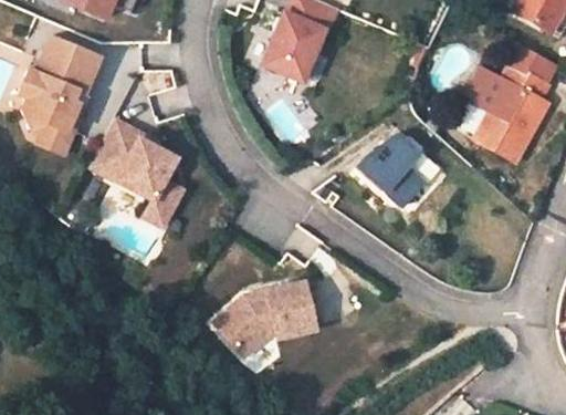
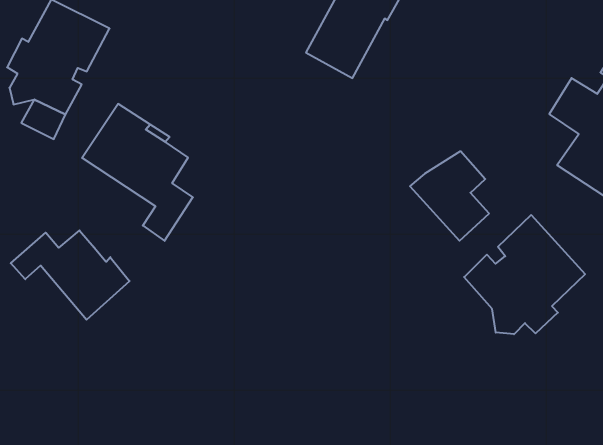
building: none -> [464,215,585,334]
building: none -> [11,230,130,320]
building: [213,282,315,356] -> none

